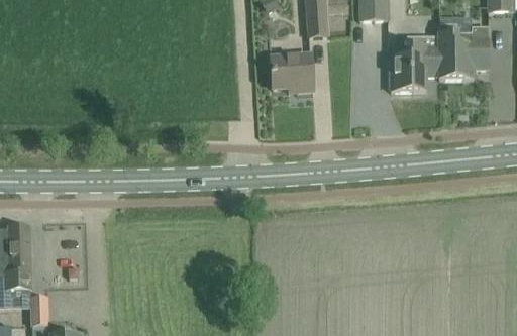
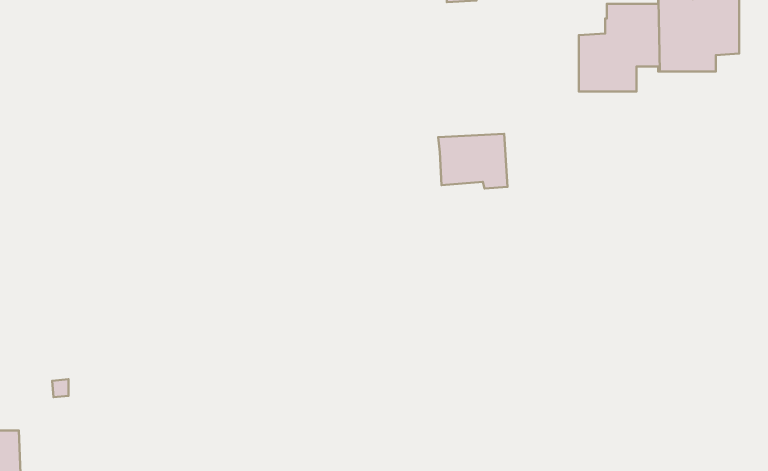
building: [270,55,312,89] -> [438,134,507,189]

